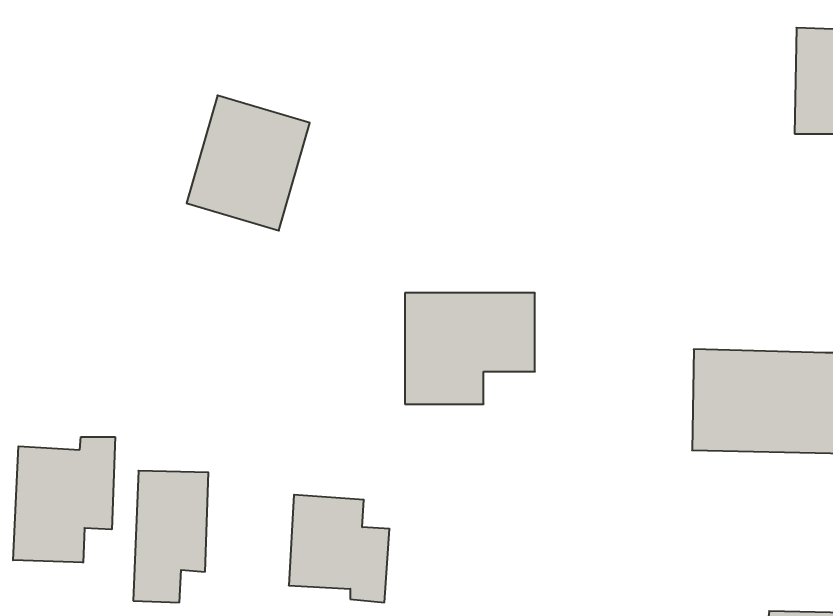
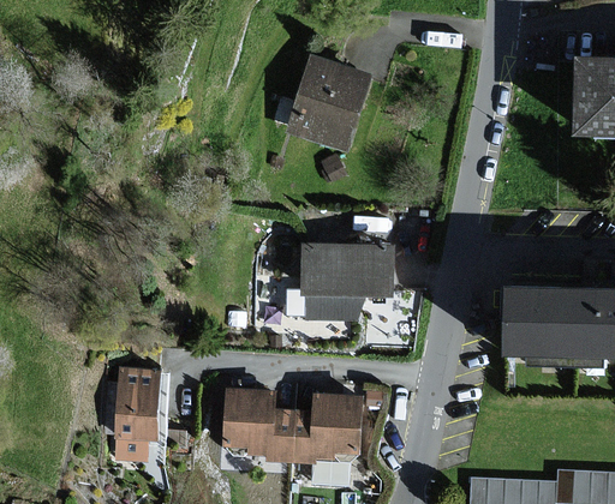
building: [187,95,310,231] -> [285,55,371,150]
building: [13,437,115,563] -> none
building: none -> [289,392,364,463]

